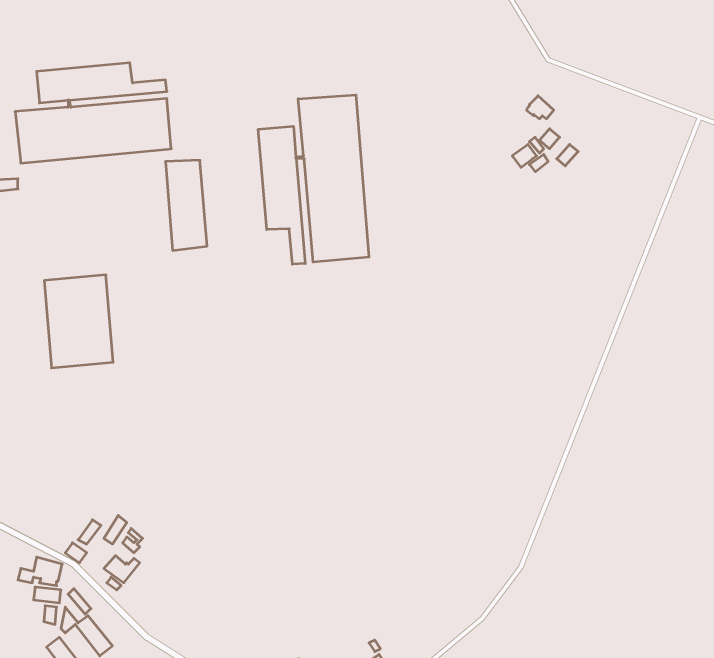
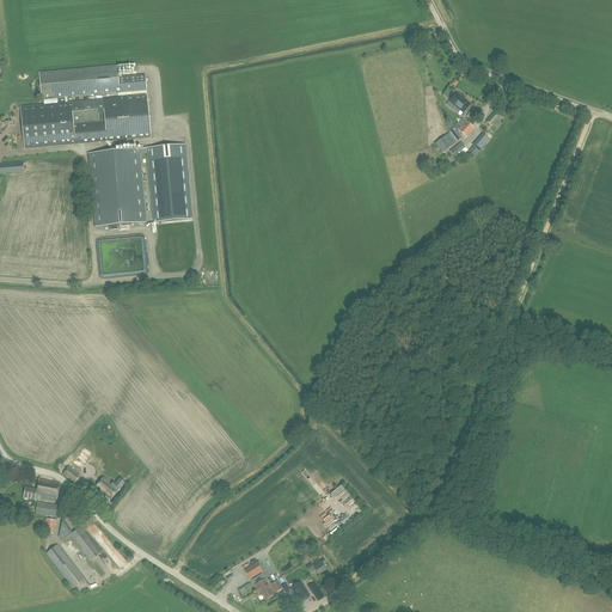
building: [258,95,369,264] -> none
building: [44,275,113,368] -> [88,147,146,225]

